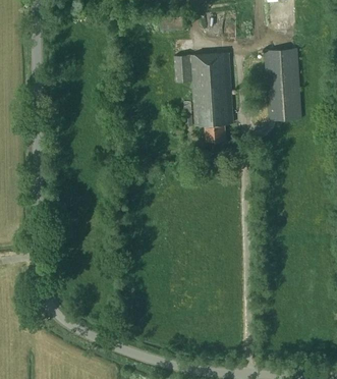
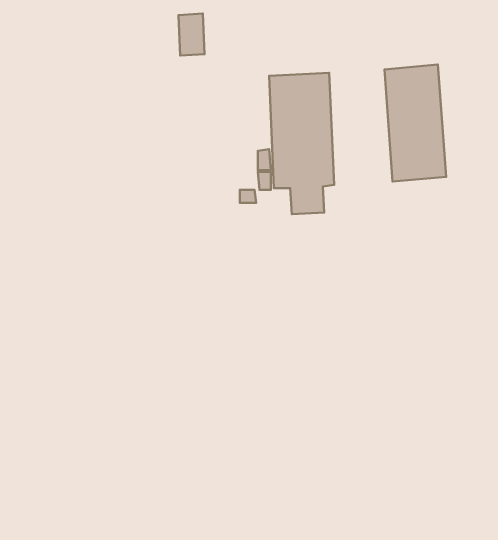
building: [175,55,191,82] -> [179,13,205,56]

